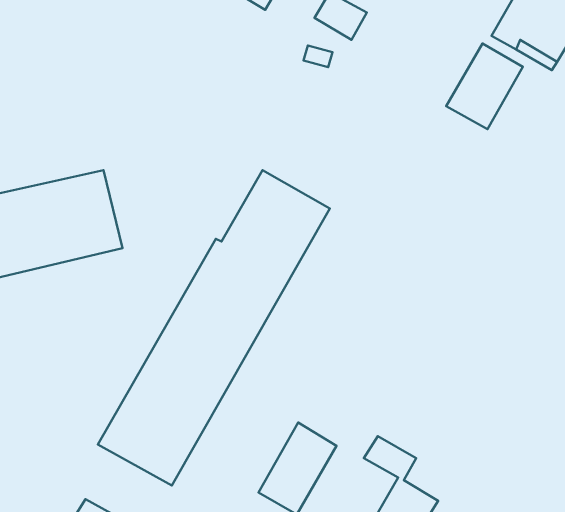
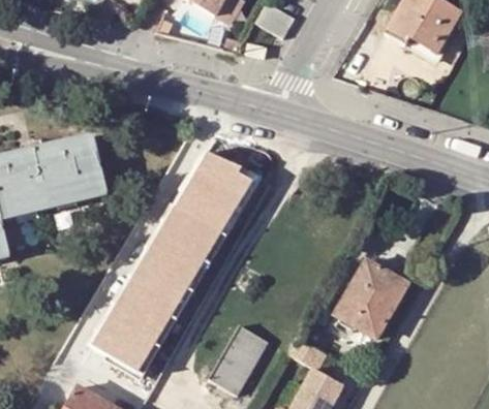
building: [446,44,523,129] -> none
building: none -> [333,259,406,339]

